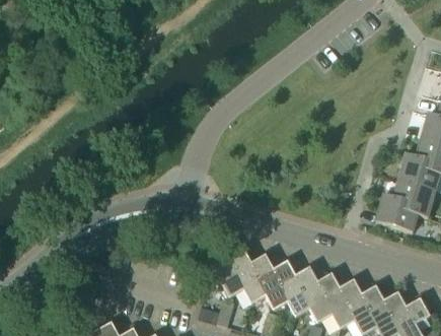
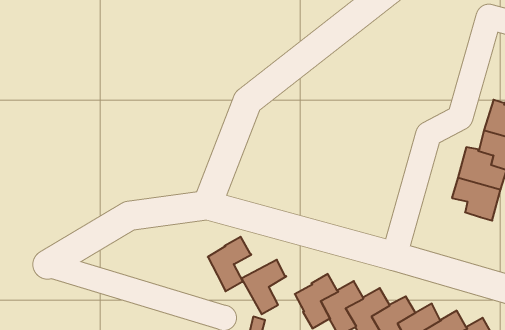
building: [376,193,418,231] -> none
building: [236,256,274,303] -> [208,237,251,291]

